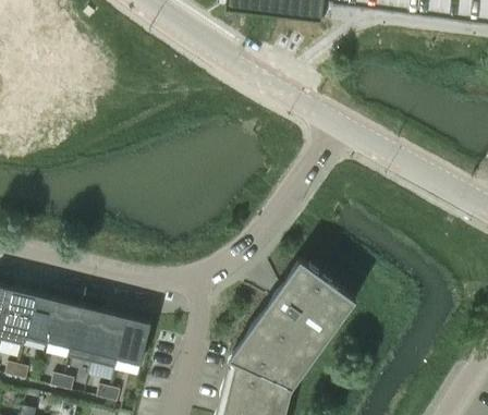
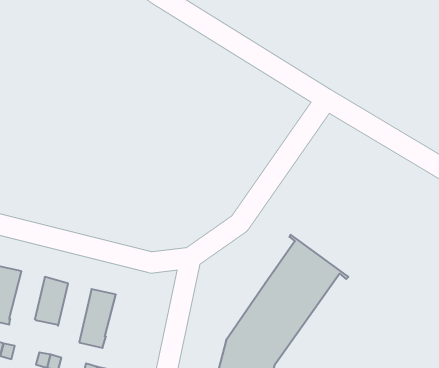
building: [25,294,60,347] -> none
building: [69,306,106,364] -> none
building: [119,317,152,364] -> none

